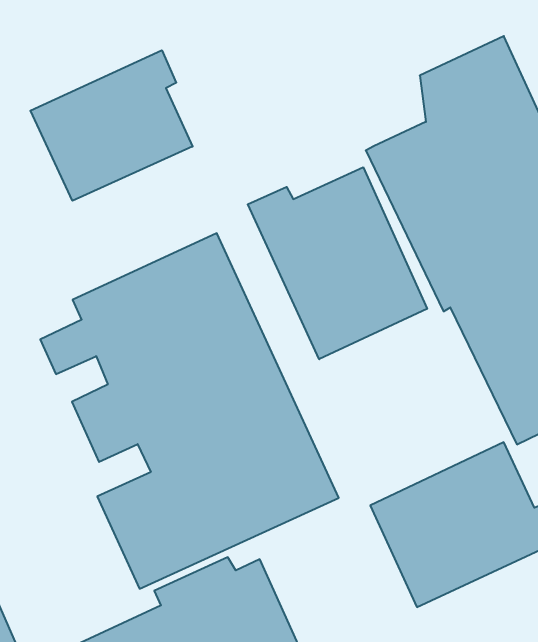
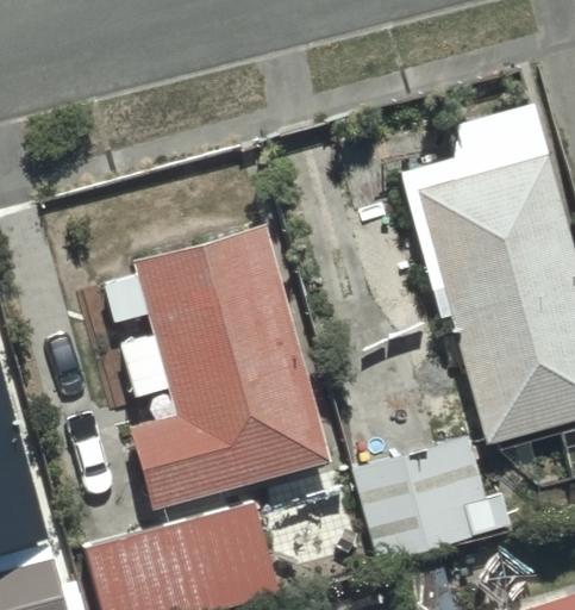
building: [30,50,193,201] -> none
building: [248,167,427,359] -> none

